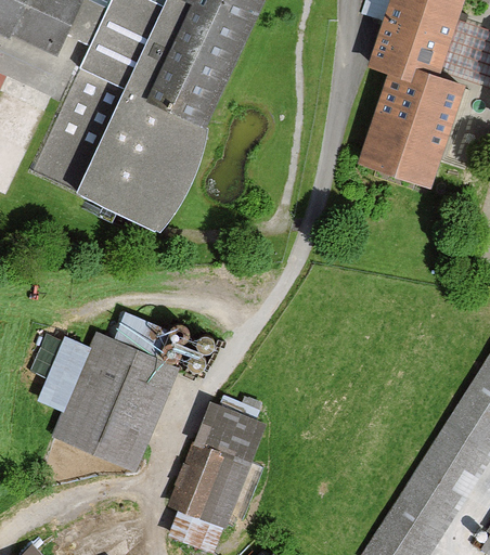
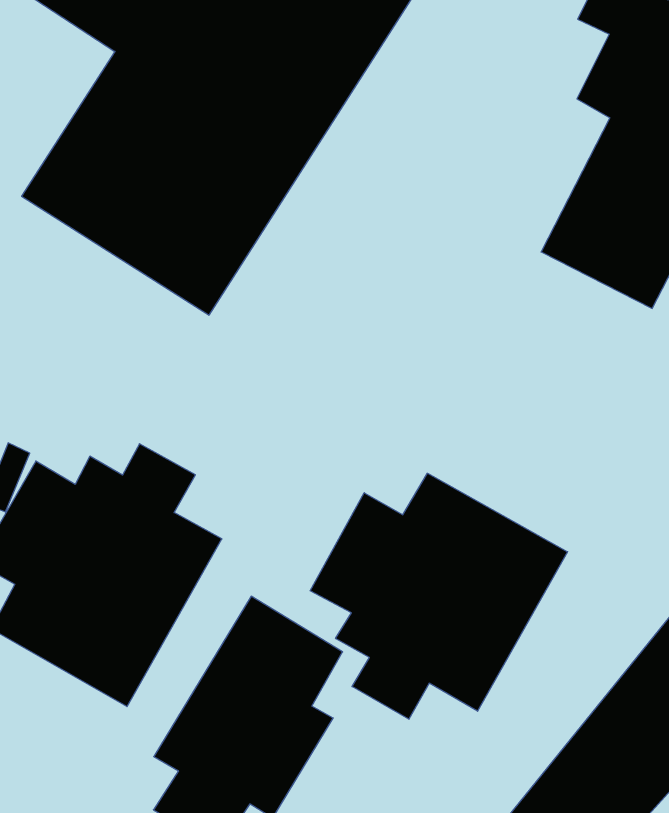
building: none -> [310,473,568,719]

